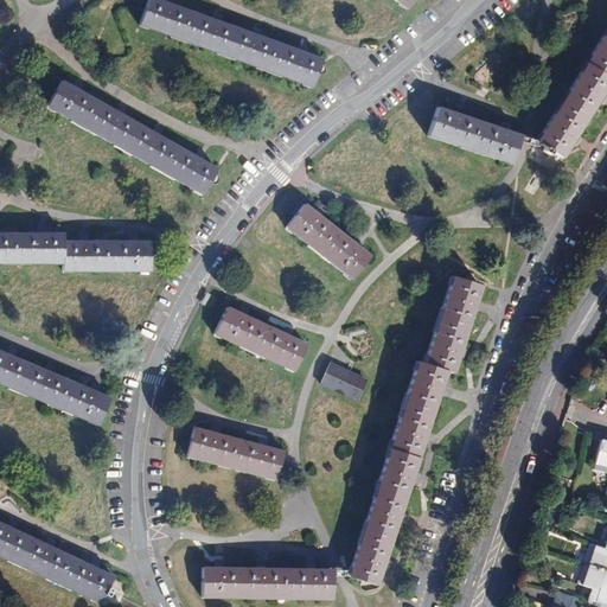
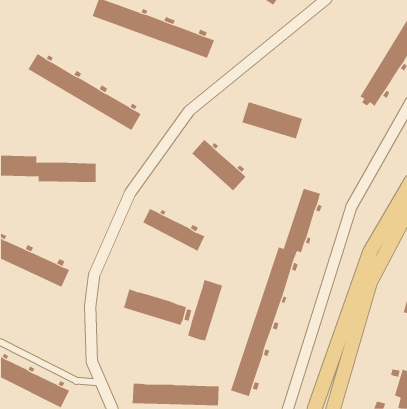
building: [436,106,526,161] -> [242,102,303,139]
building: [321,365,363,400] -> none
building: none -> [188,279,223,341]

